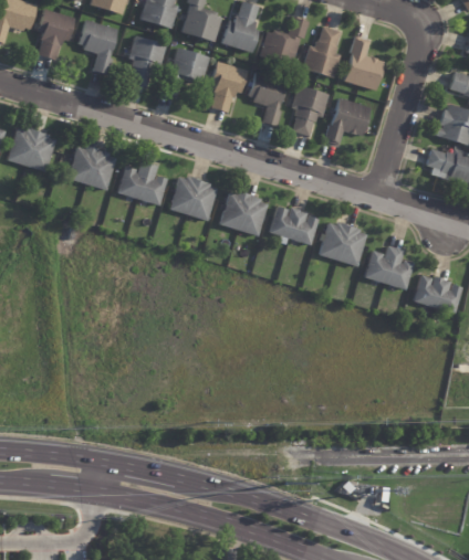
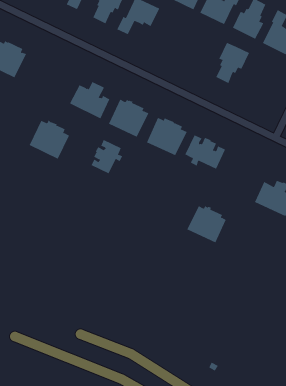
building: [211,60,249,112] -> none
building: [249,71,289,127] -> none
building: [324,97,372,145] -> none
building: [66,142,115,190] -> [29,119,70,159]
building: [319,221,366,265] -> [187,206,227,243]
building: none -> [91,139,123,174]

